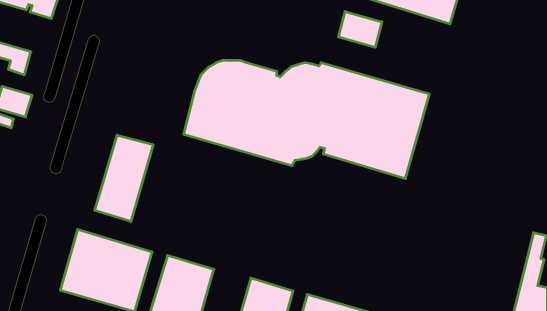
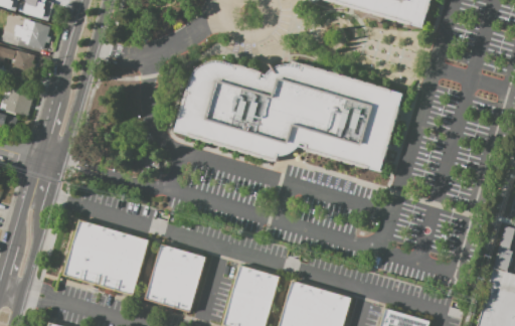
building: [338,11,382,47] -> none
building: none -> [13,19,53,50]
building: [95,135,153,222] -> none

